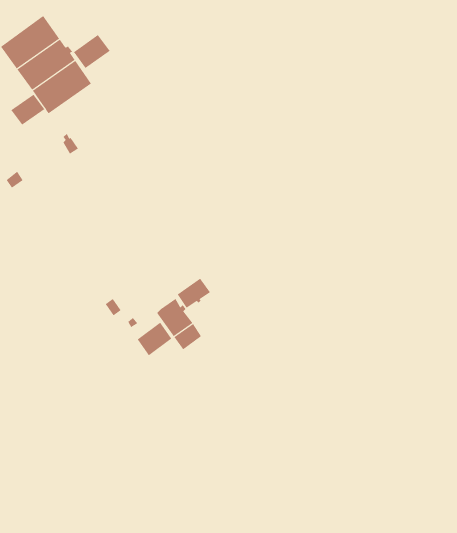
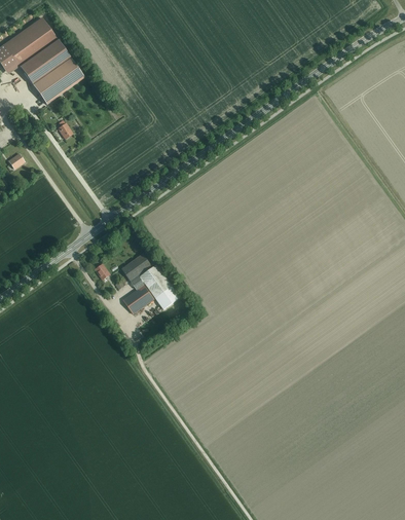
building: [73,34,111,69] -> none
building: [11,94,45,126] -> none
building: [177,278,211,309] -> [121,254,151,281]

